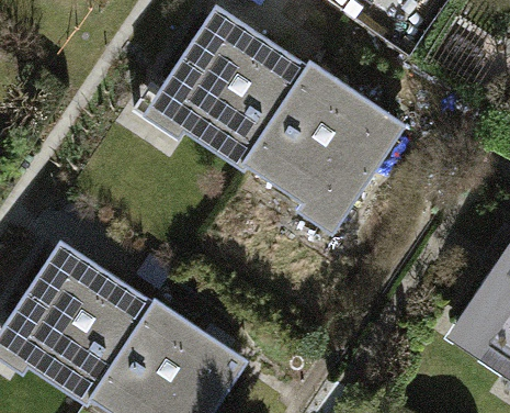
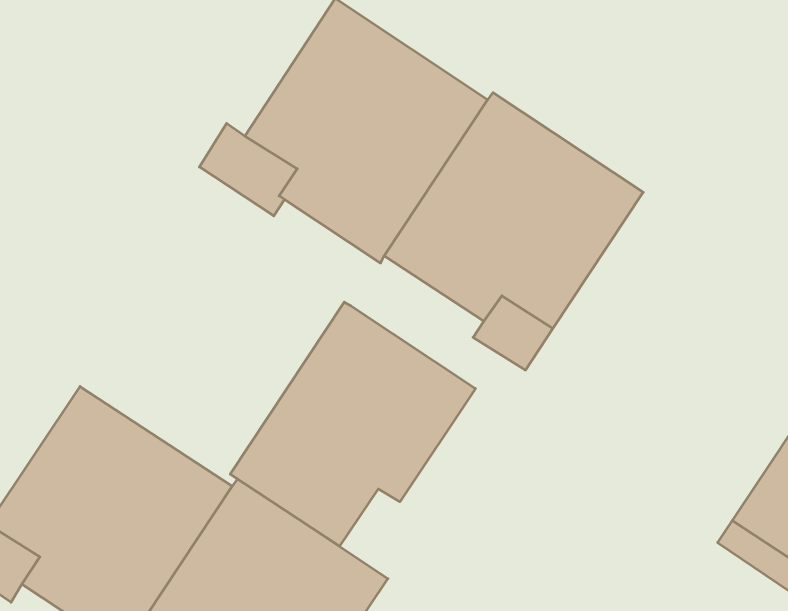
building: none -> [230,302,475,546]

